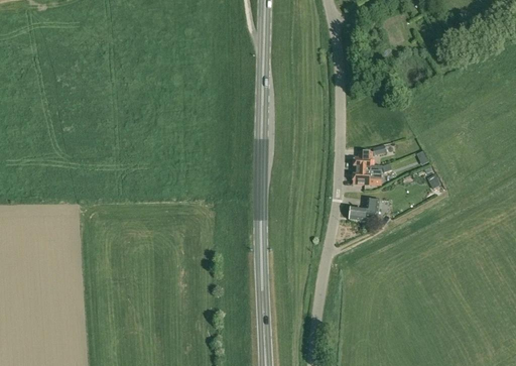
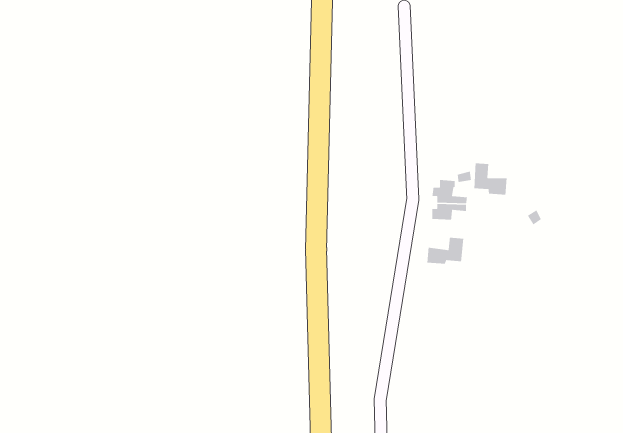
building: none -> [474,163,507,196]

